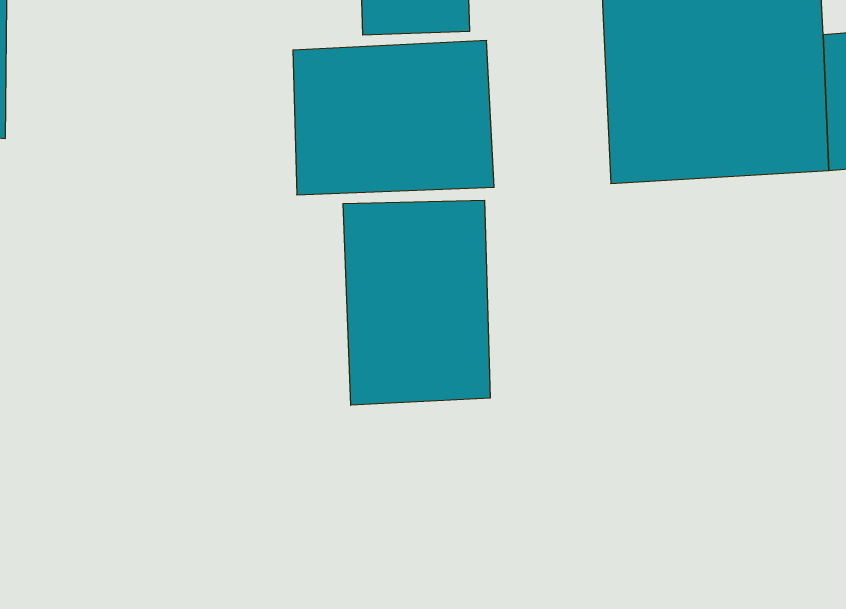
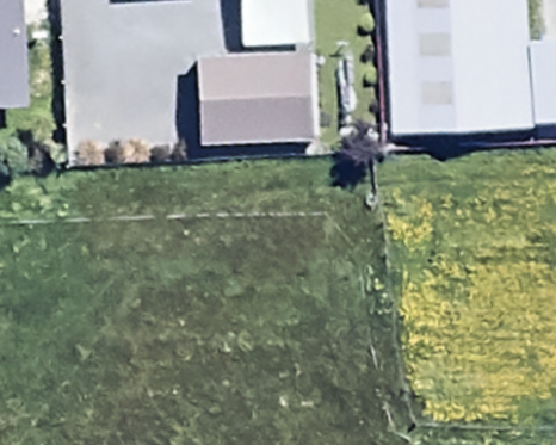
building: [343,200,490,405] -> none

